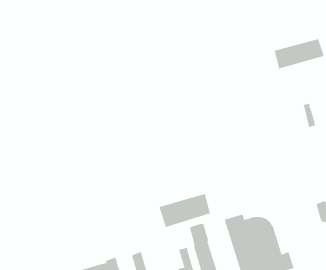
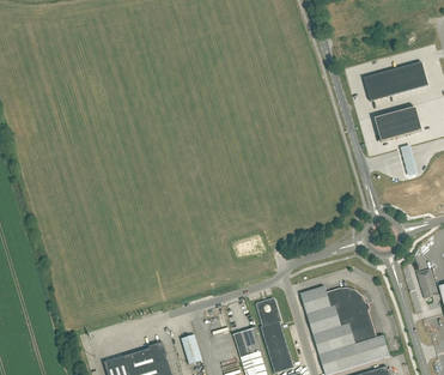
building: none -> [373,105,421,140]
building: [159,193,211,228] -> none

